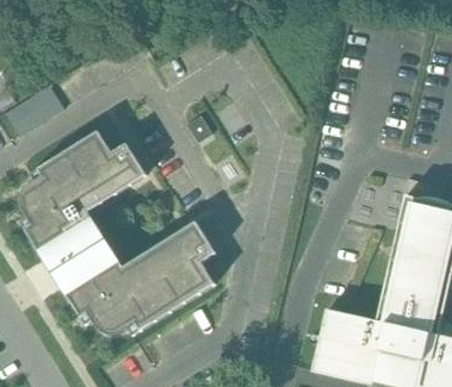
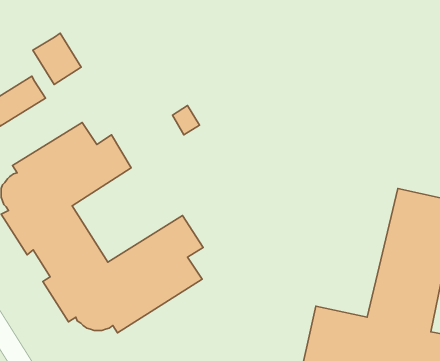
building: none -> [33,33,81,84]

